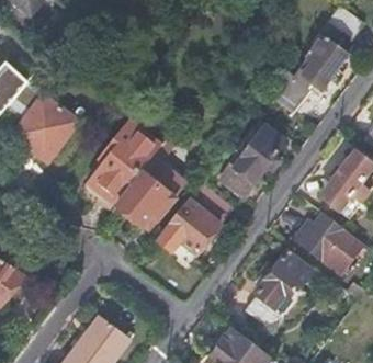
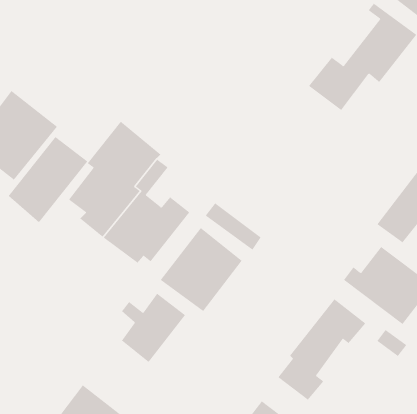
building: [221,127,284,197] -> none
building: none -> [8,136,88,223]
building: none -> [121,293,186,363]

